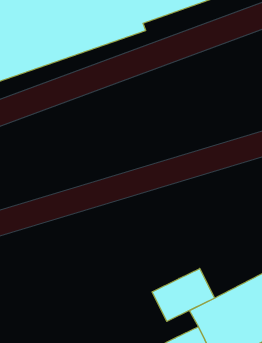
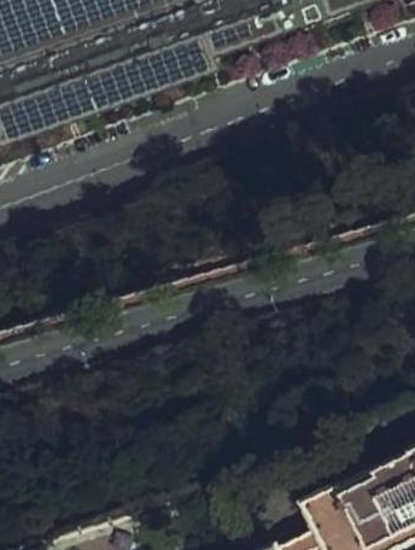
building: [152,268,214,321] -> none

